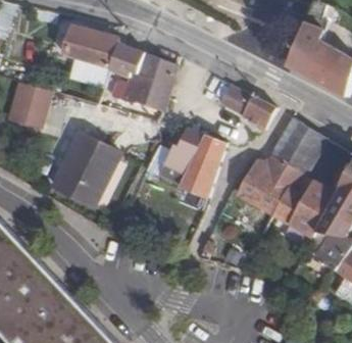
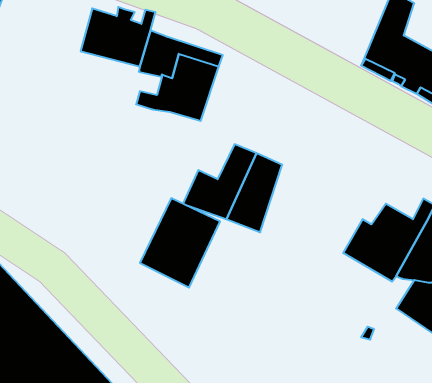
building: [6,82,48,131] -> none
building: [223,86,274,130] -> none
building: [237,118,326,214] -> none
building: [61,141,124,211] -> [140,198,220,288]

